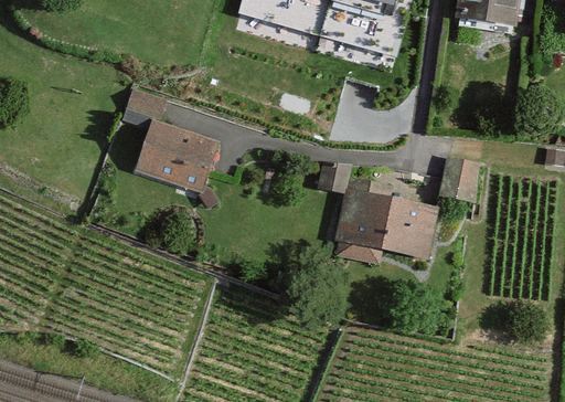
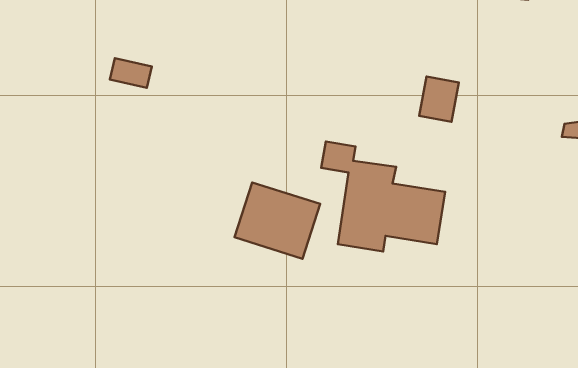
building: [139,123,218,193] -> [234,182,320,259]
building: [441,159,478,201] -> [419,76,459,122]

